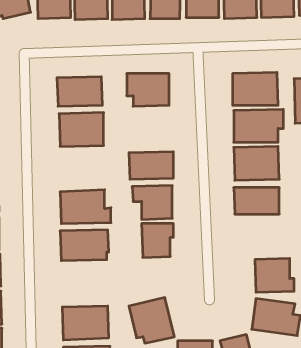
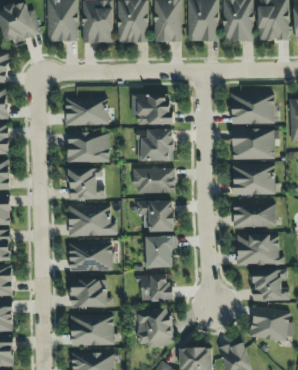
building: none -> [137,129,174,161]
building: none -> [68,168,104,199]
building: none -> [236,234,284,265]
building: none -> [139,274,171,301]
building: none -> [71,279,112,308]

